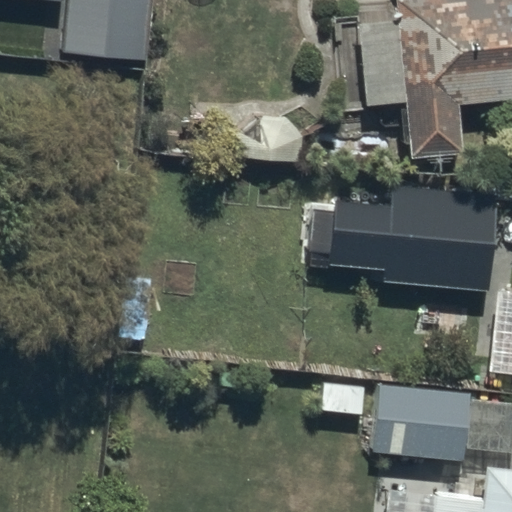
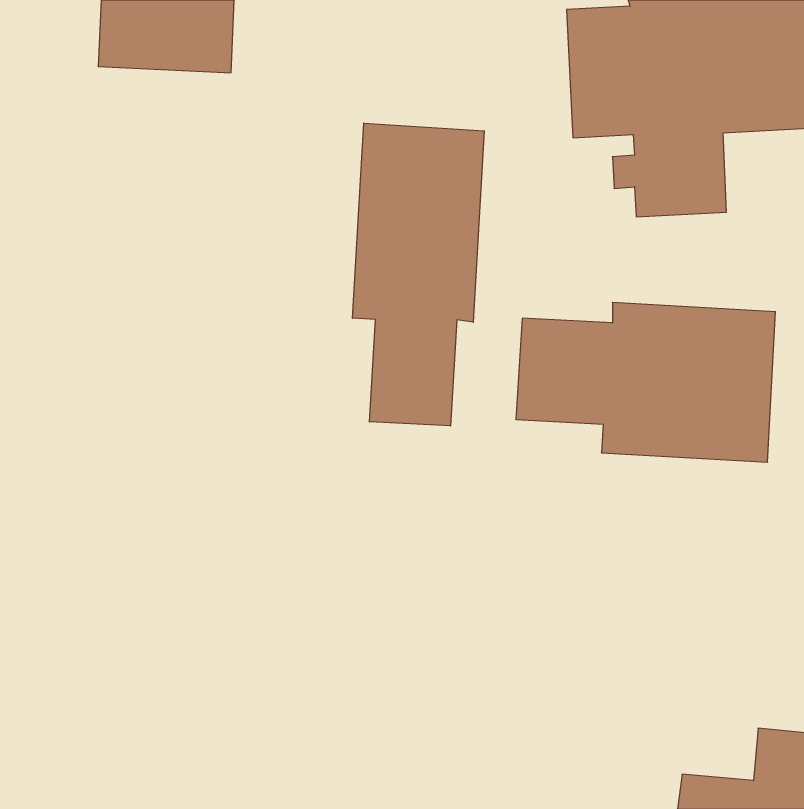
building: none -> [353,123,484,426]
building: [371,384,465,455] -> none

